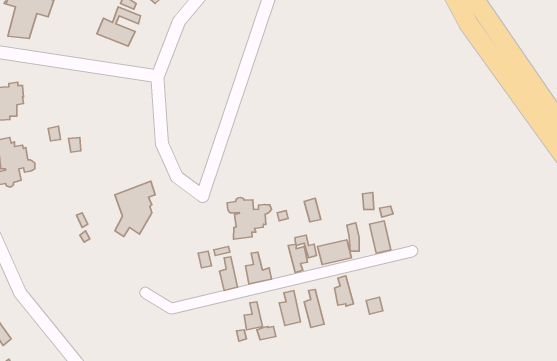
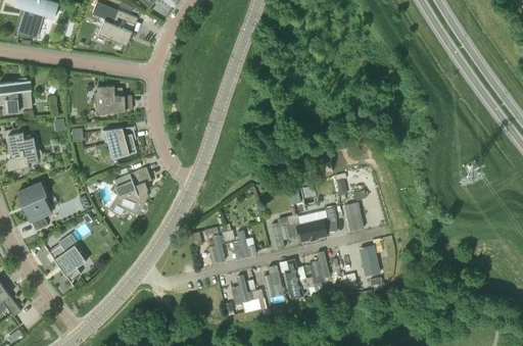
building: none -> [93,86,132,112]
building: none -> [101,128,135,158]
building: none -> [16,182,50,230]
building: [227,197,271,239] -> none
building: none -> [48,247,86,287]
building: none -> [359,247,380,279]

